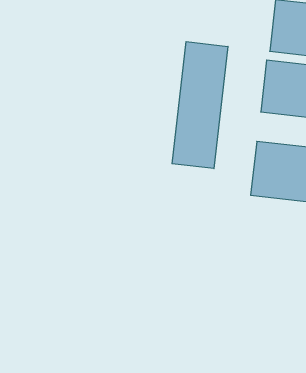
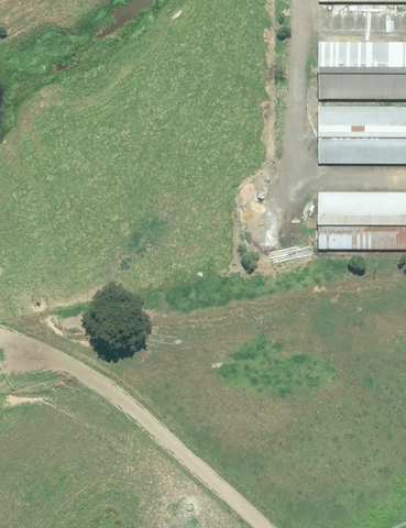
building: [172,42,228,169] -> none

